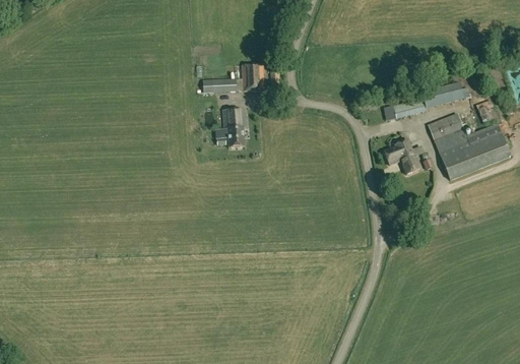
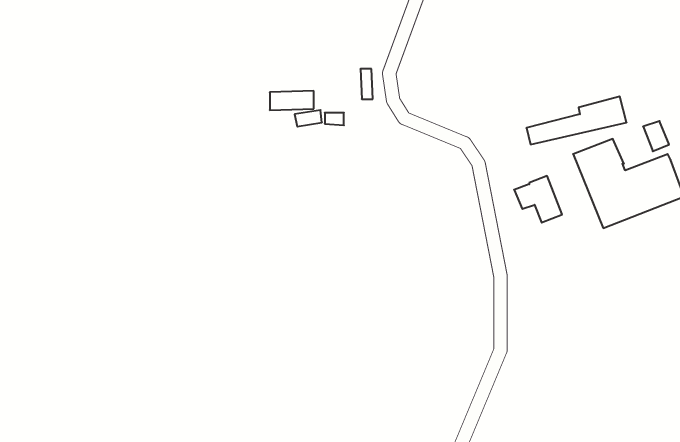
building: [241,63,263,90] -> none
building: [222,109,245,148] -> none

